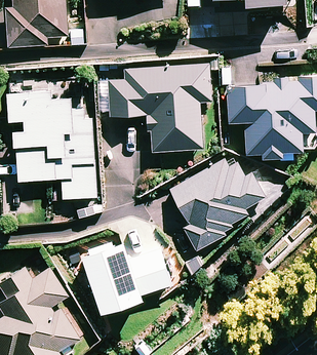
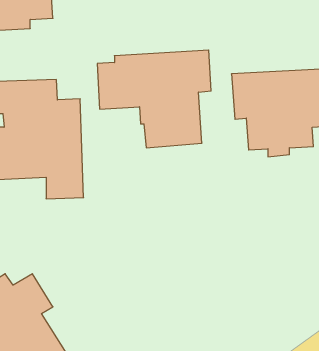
building: [168,152,266,250] -> none
building: [83,244,171,316] -> none

